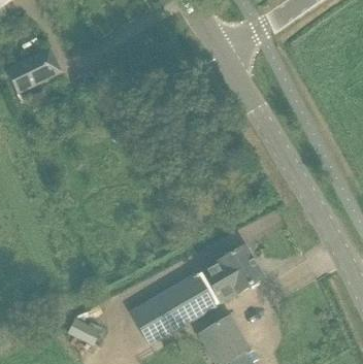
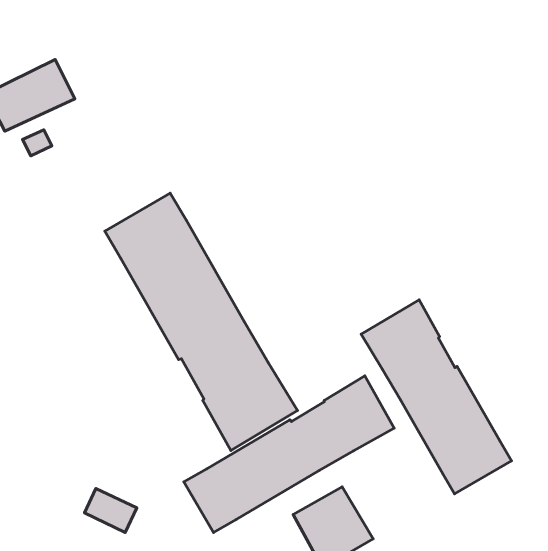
building: none -> [105,193,297,450]
building: none -> [361,300,512,494]

